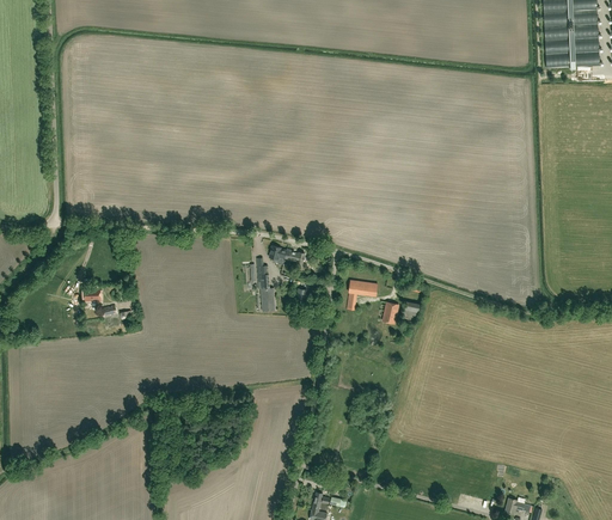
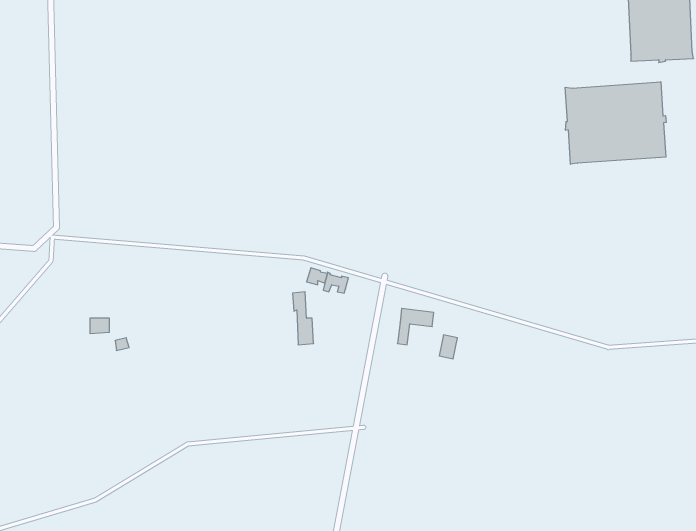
building: none -> [565,82,666,164]

